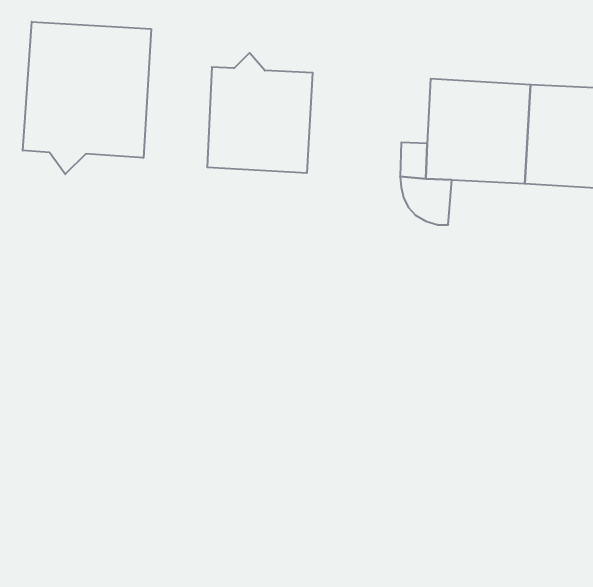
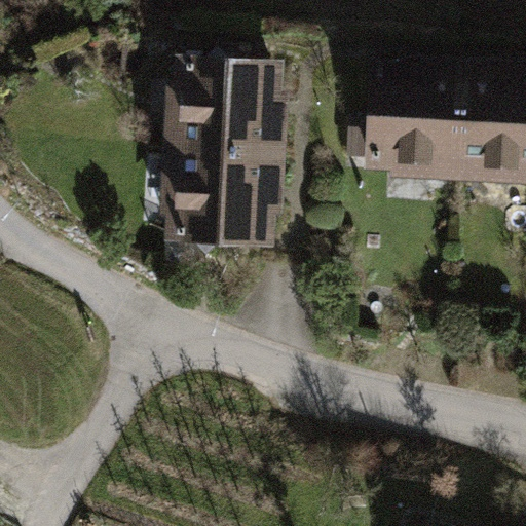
building: [23,22,151,174] -> none
building: none -> [183,158,275,261]

